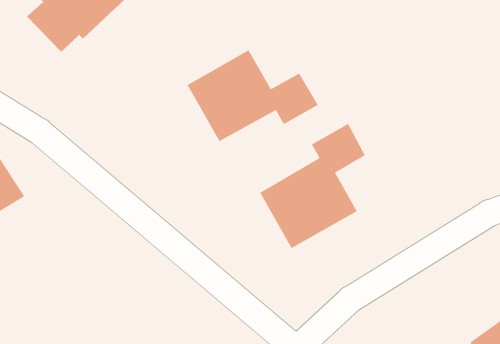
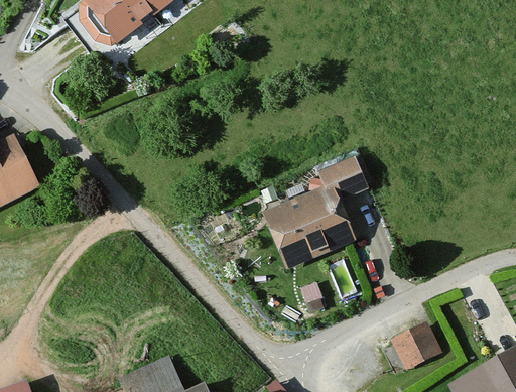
building: [187,49,319,142] -> none
building: none -> [391,316,441,364]

